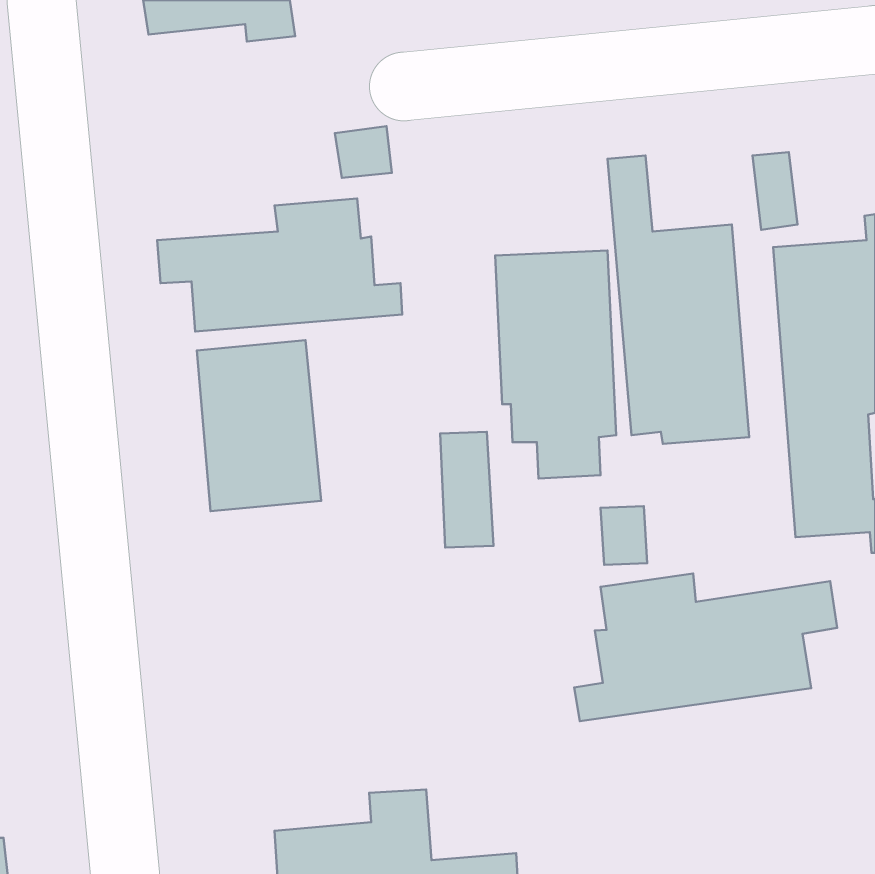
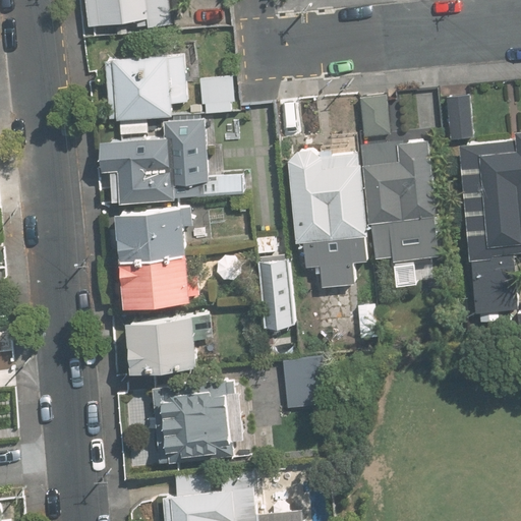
building: none -> [107,56,187,131]
building: none -> [131,316,201,371]
building: [574,573,837,721] -> none
building: none -> [280,358,316,412]
building: none -> [149,375,247,461]

